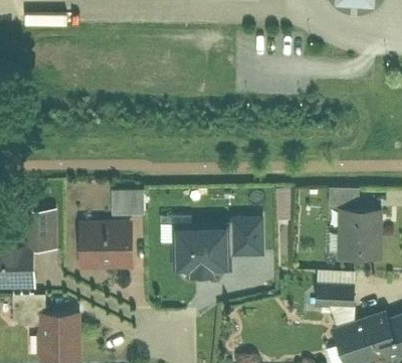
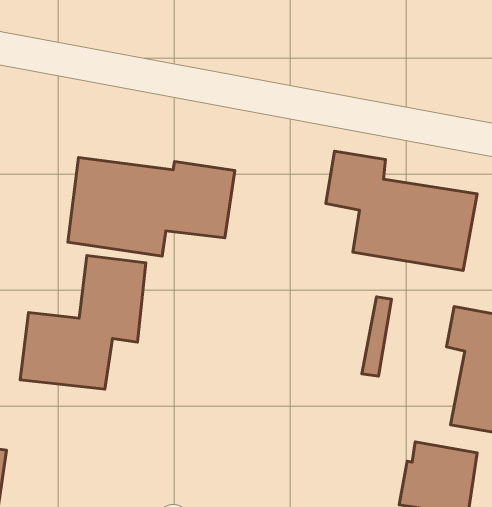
building: none -> [326,151,477,271]
building: [173,216,265,273] -> [68,158,235,256]

